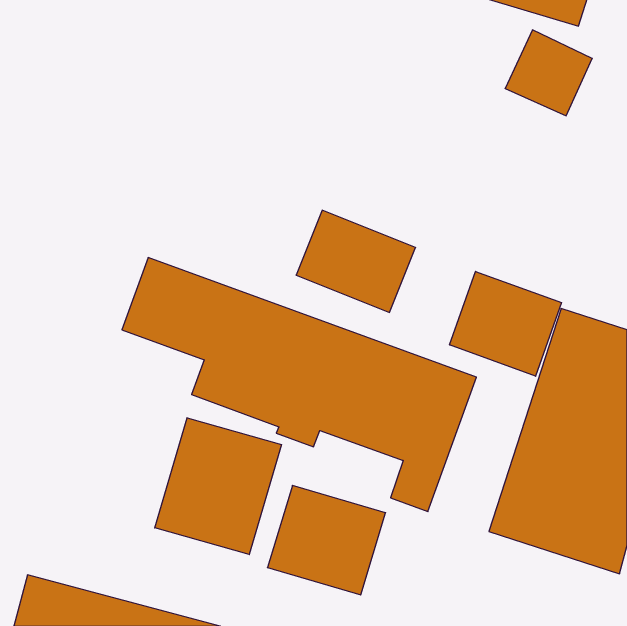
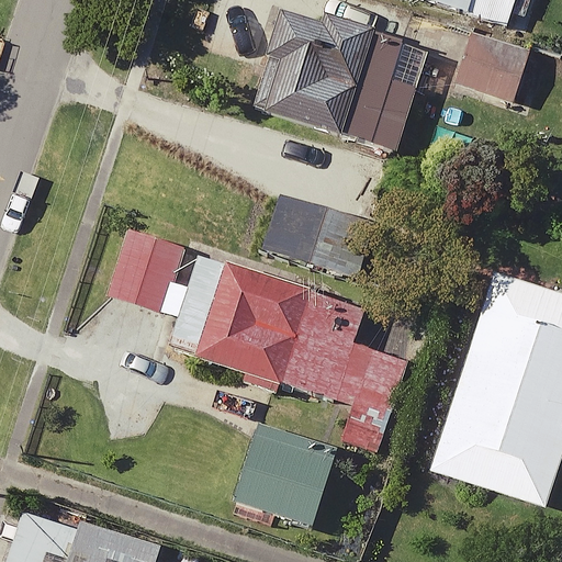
building: none -> [254,9,426,150]
building: [450,271,562,376] -> none
building: [155,418,282,555] -> none

